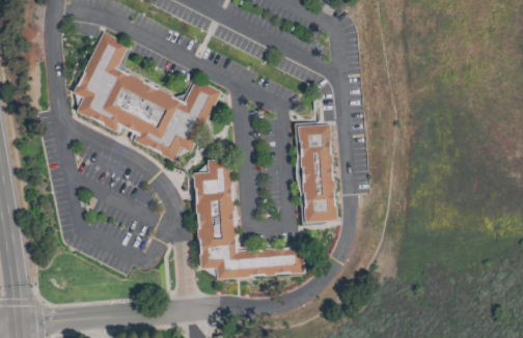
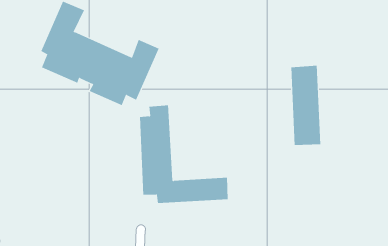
building: [298,124,335,222] -> [290,65,321,145]

